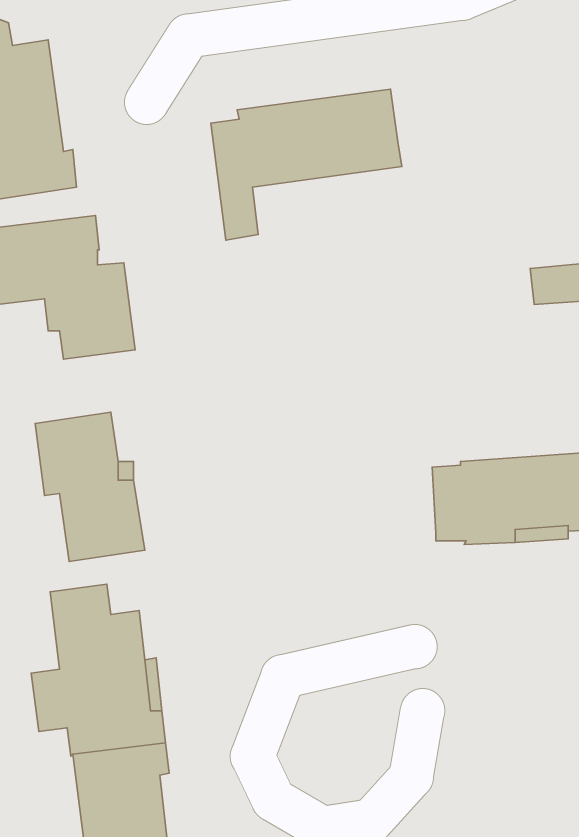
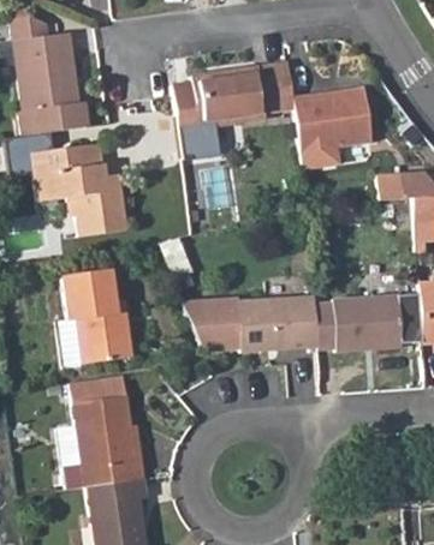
building: none -> [292,88,371,169]
building: none -> [182,298,316,352]

